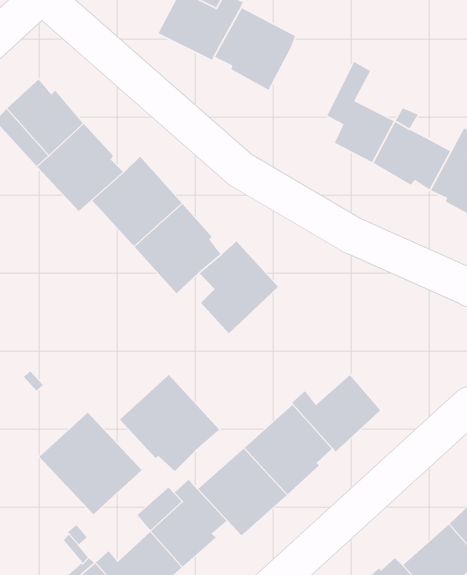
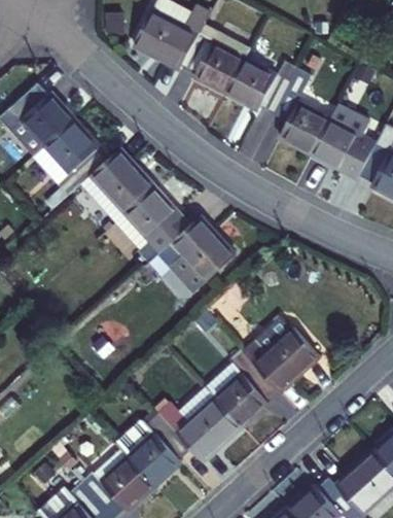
building: none -> [225,59,295,114]
building: [119,374,220,472] -> none
building: [39,412,143,515] -> none

